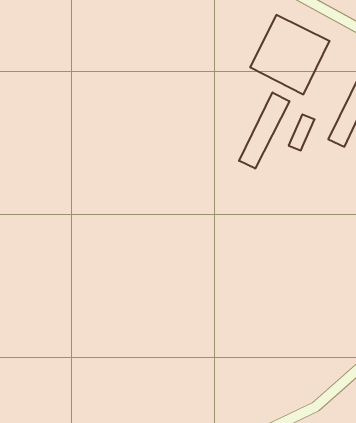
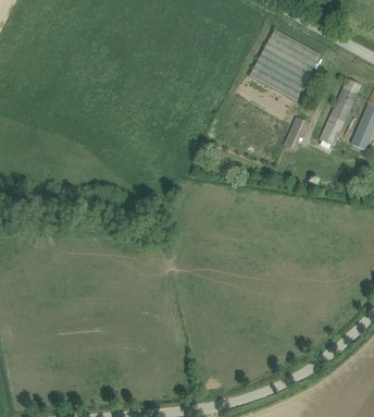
building: [239,92,289,169] -> none

